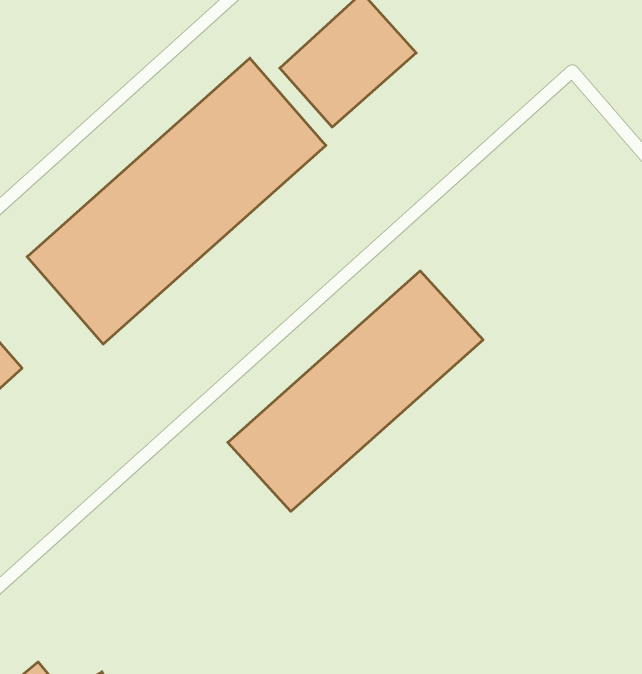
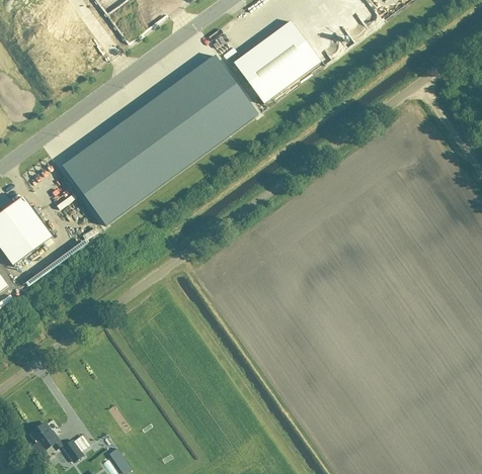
building: [228,271,483,511] -> none

